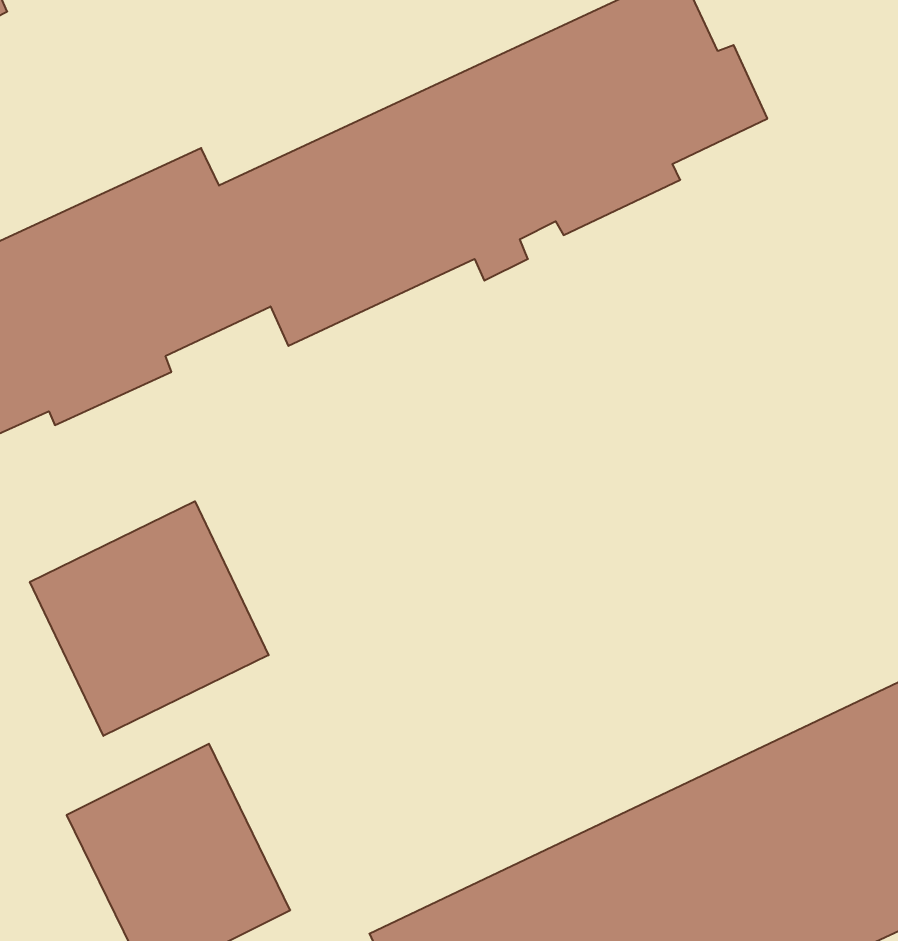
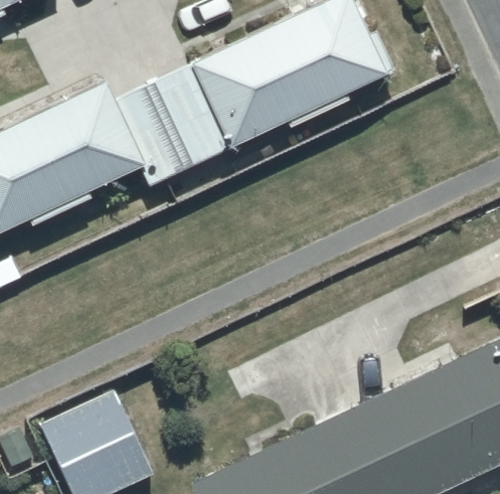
building: [30,501,269,736] -> none

